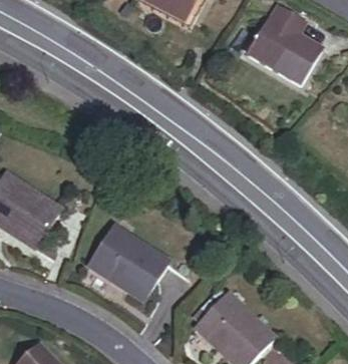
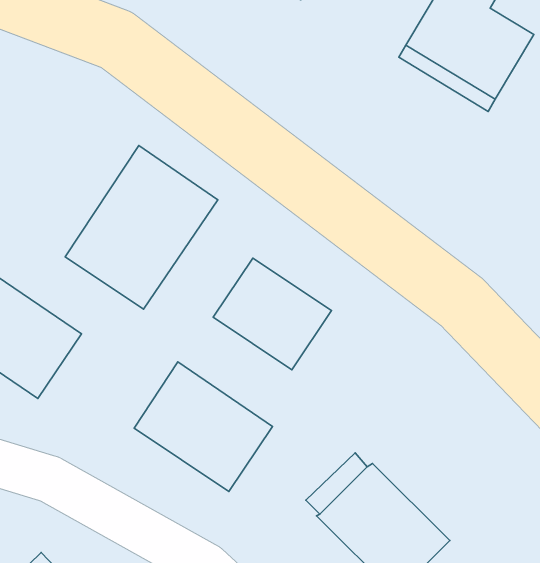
building: none -> [65,145,218,309]
building: none -> [213,258,331,370]

